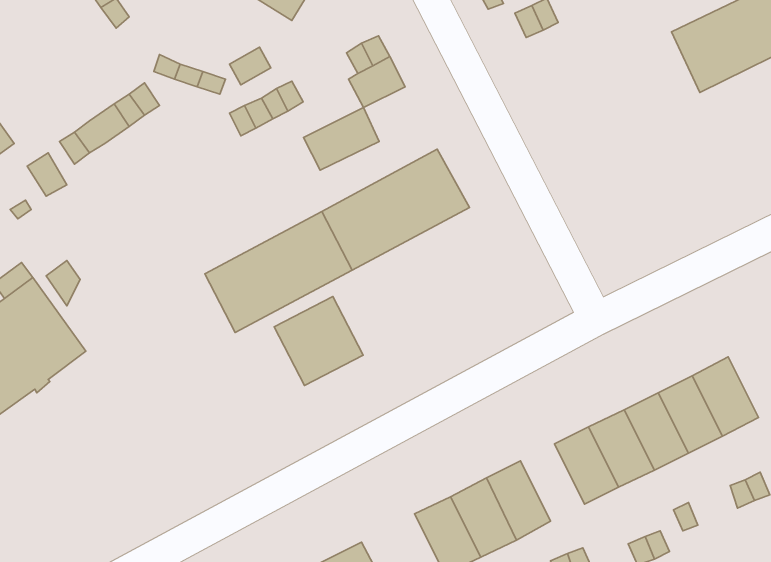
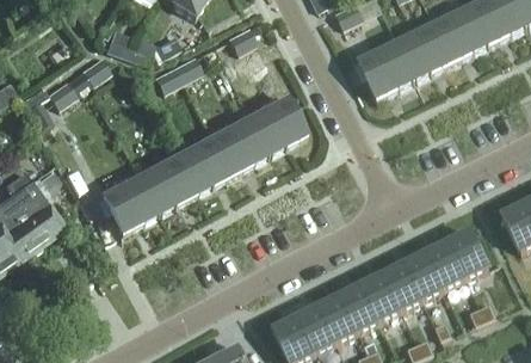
building: none -> [358,24,451,98]
building: [304,108,379,170] -> none
building: [274,297,363,385] -> [101,177,158,233]
building: none -> [338,284,378,333]

